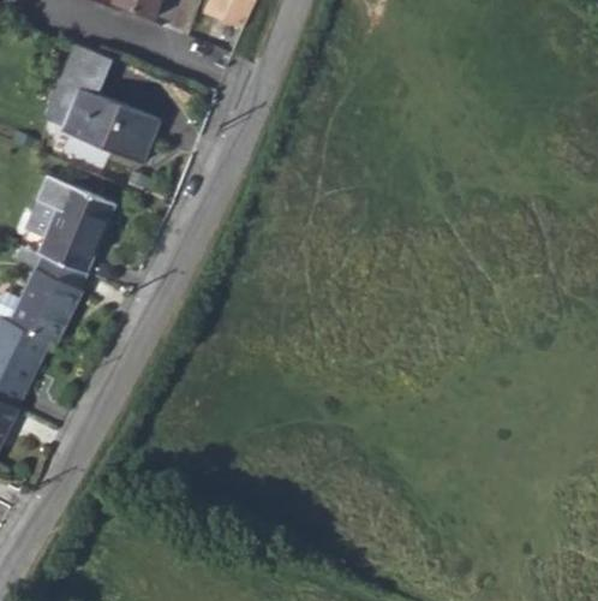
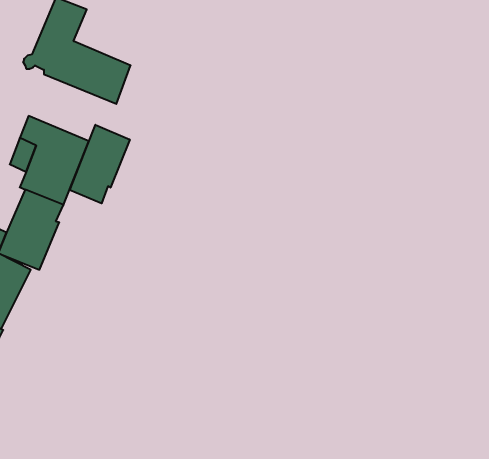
building: none -> [70,125,130,203]

